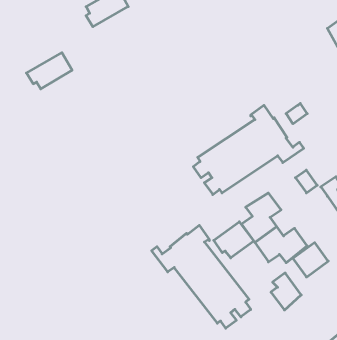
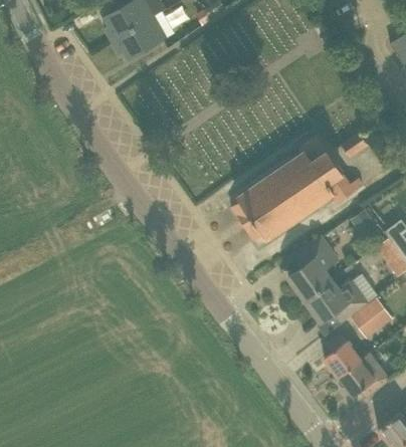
building: [26,53,72,89] -> [113,17,167,60]
building: [214,222,254,258] -> none
building: [152,225,251,328] -> none
building: none -> [339,355,389,398]

